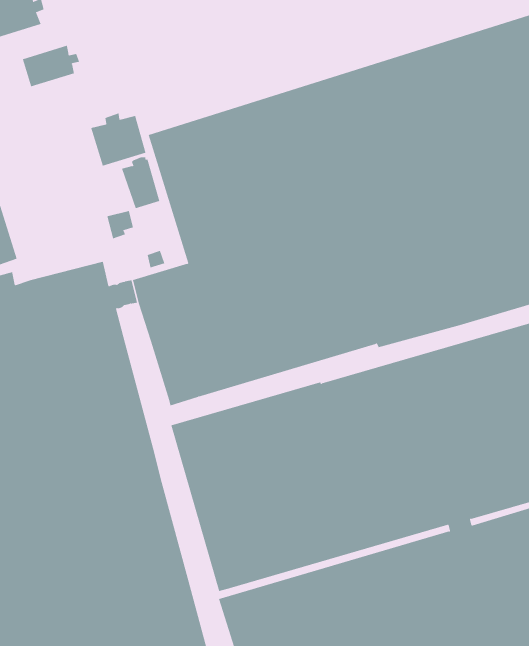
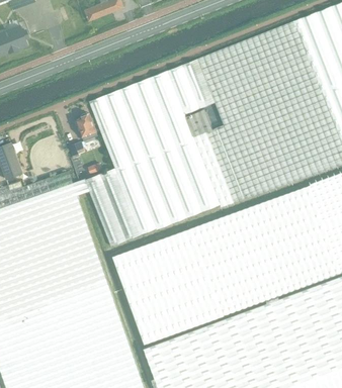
building: [22,45,80,87] -> none
building: [90,113,146,167] -> none

